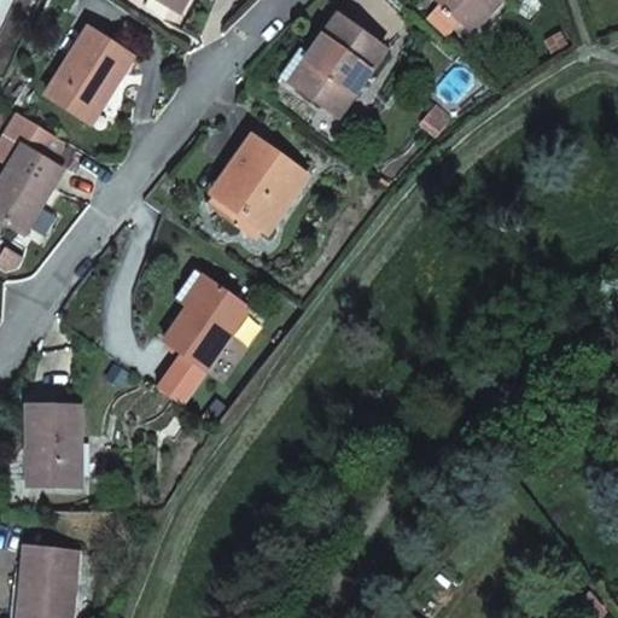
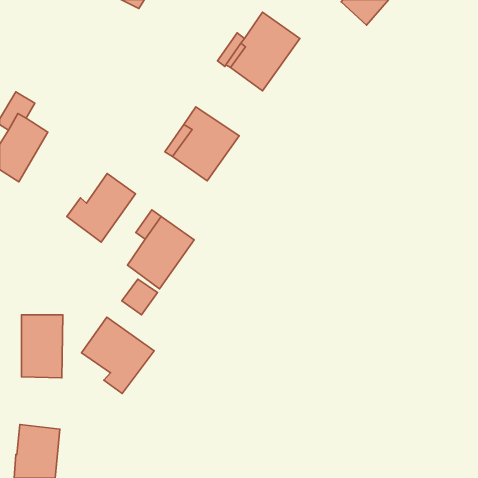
building: [47,28,133,119] -> none
building: none -> [67,174,135,242]
building: none -> [82,317,154,394]

